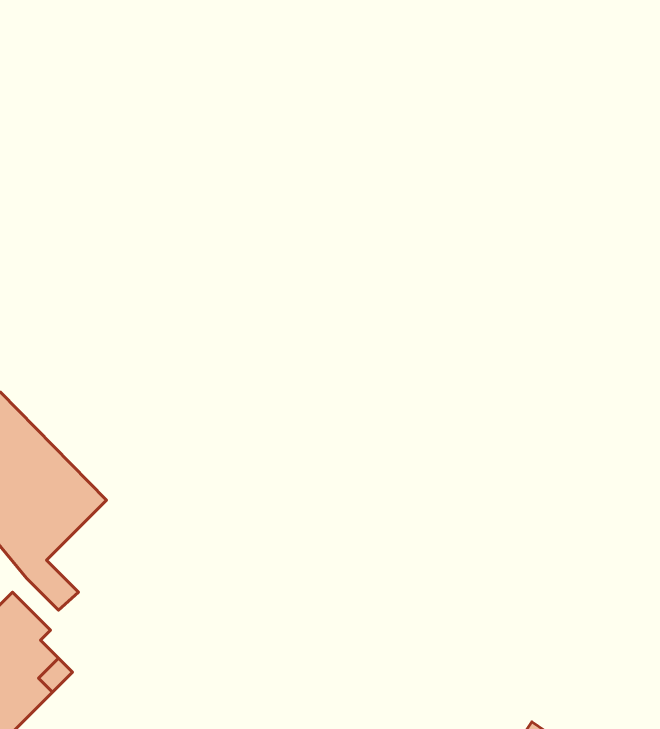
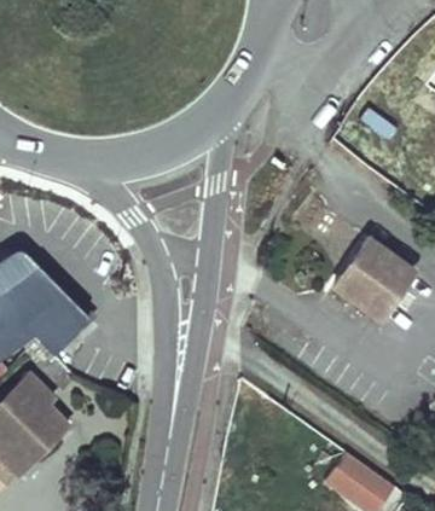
building: none -> [336,238,416,319]

